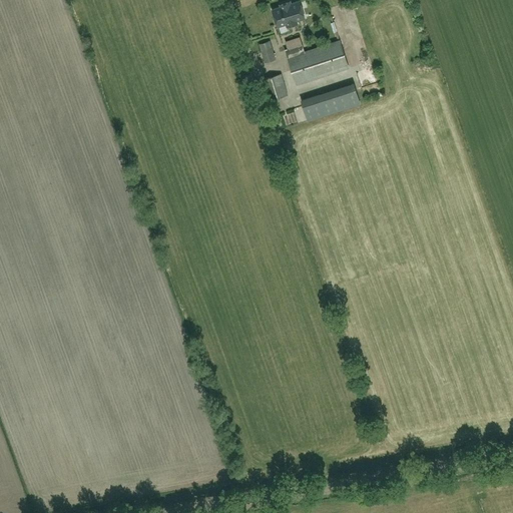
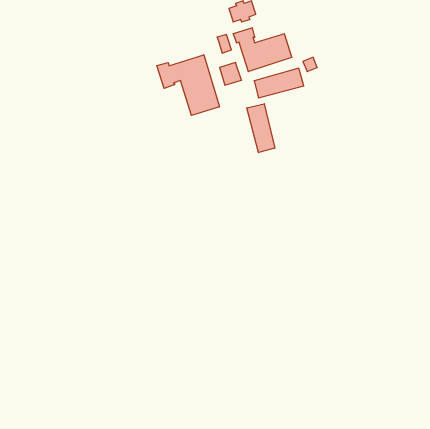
building: none -> [157,55,219,115]
building: none -> [247,104,275,153]

